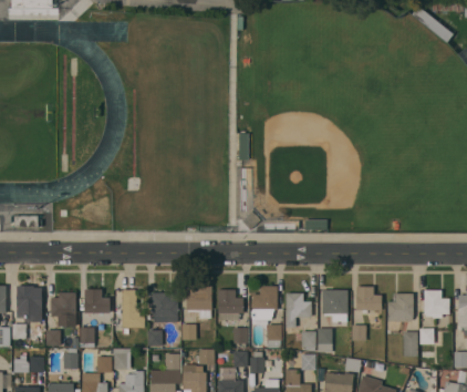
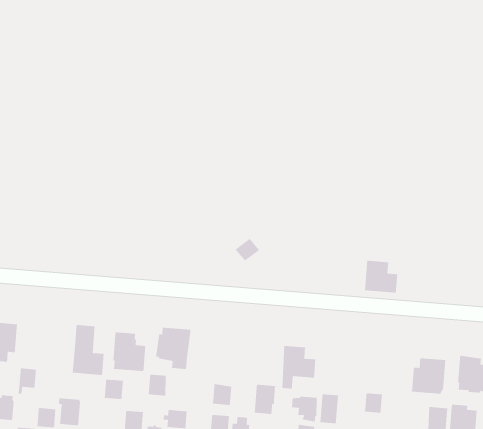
building: [251,286,277,320] -> none
building: [355,286,381,310] -> [364,260,398,293]
building: [84,289,110,319] -> none
building: [217,289,242,321] -> none
building: [321,289,346,322] -> none

